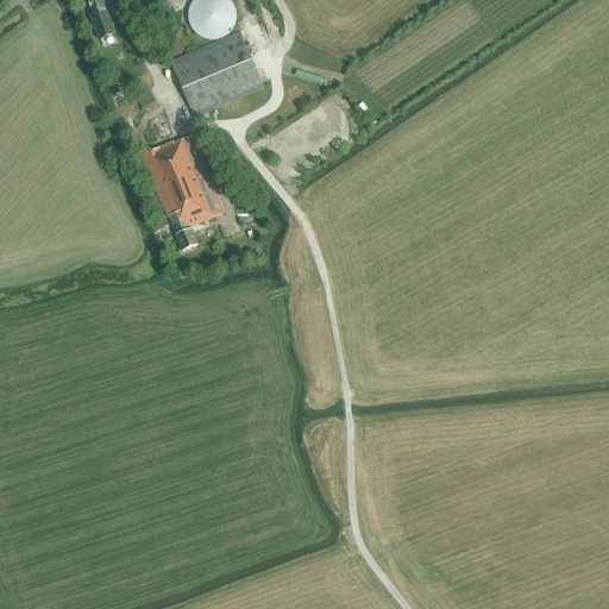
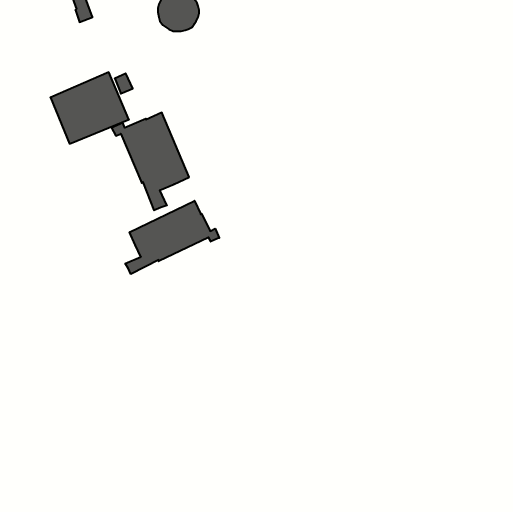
building: [170,31,263,115] -> [50,72,129,144]
building: none -> [125,201,219,274]

